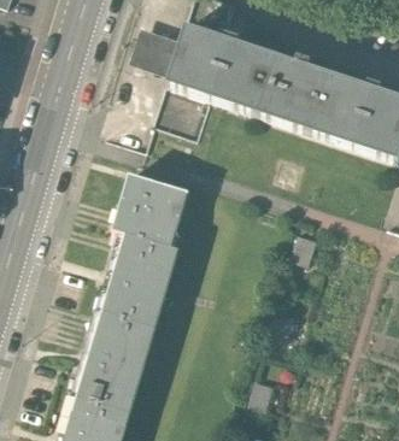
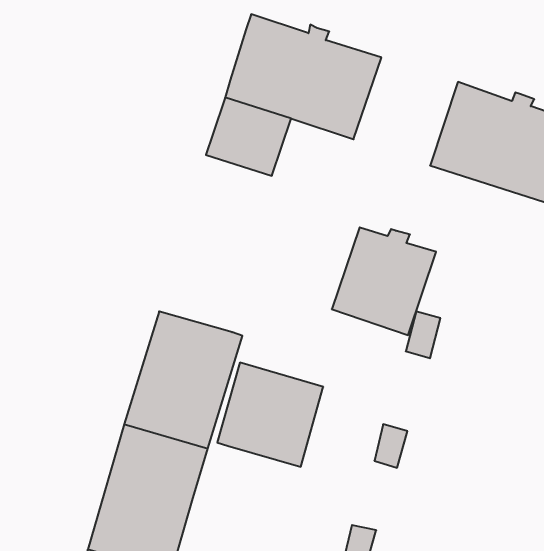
building: [130,23,181,71] -> none
building: [256,55,328,130] -> [332,227,436,335]
building: [113,174,187,246] -> [217,363,323,467]

